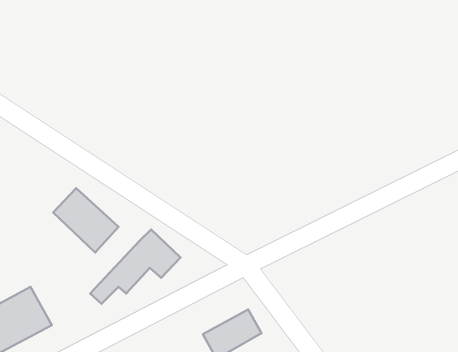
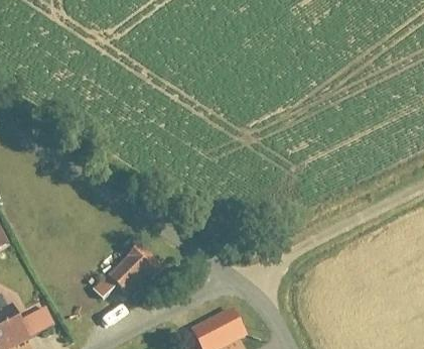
building: [53,188,119,253] -> none

